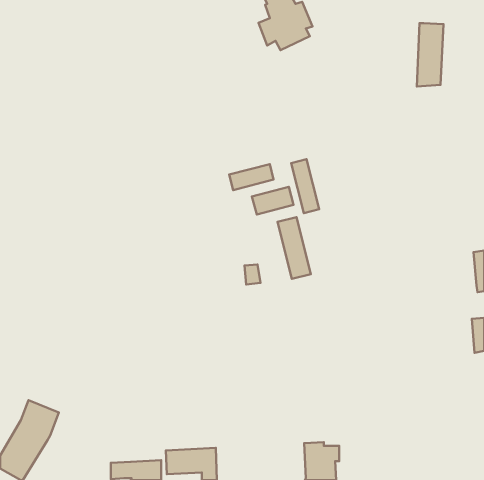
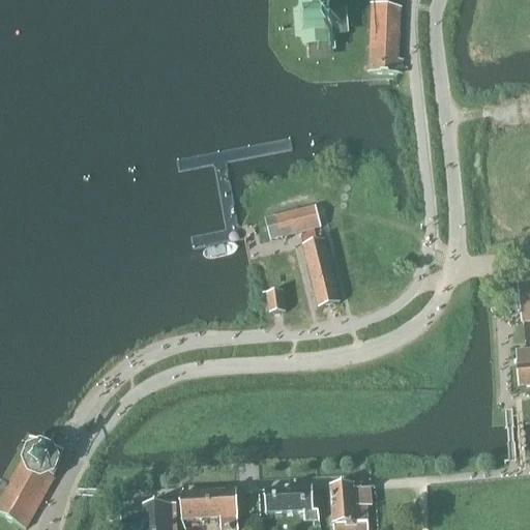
building: [417,23,443,87] -> [372,4,401,73]
building: [291,159,319,213] -> none
building: [229,164,274,190] -> none
building: none -> [265,485,319,519]

